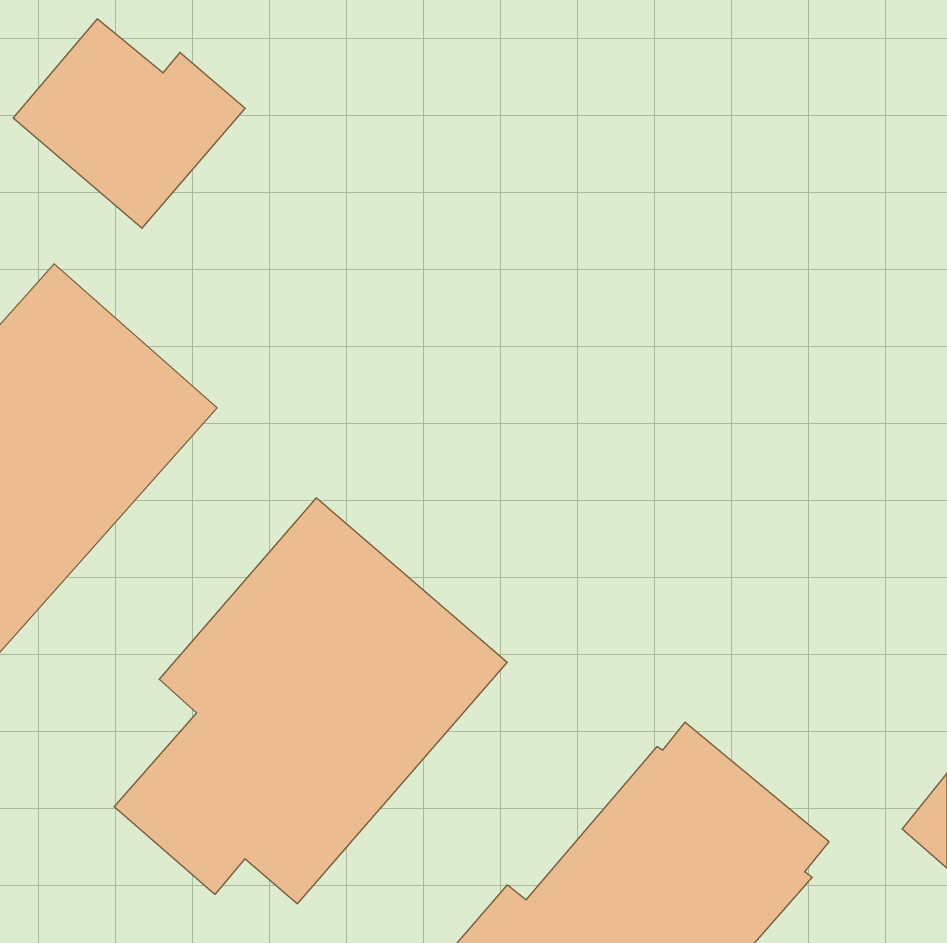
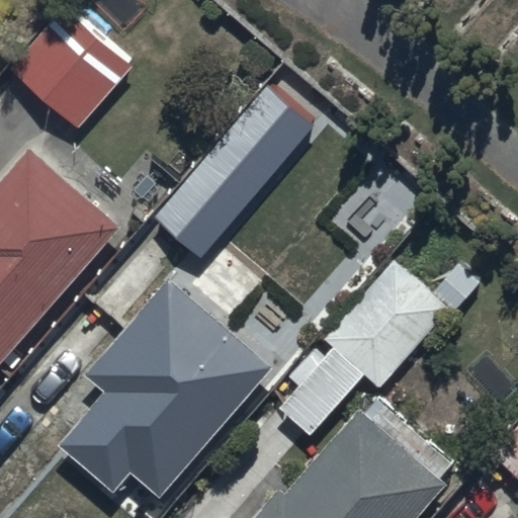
building: none -> [150,86,319,263]
building: none -> [275,262,476,435]

